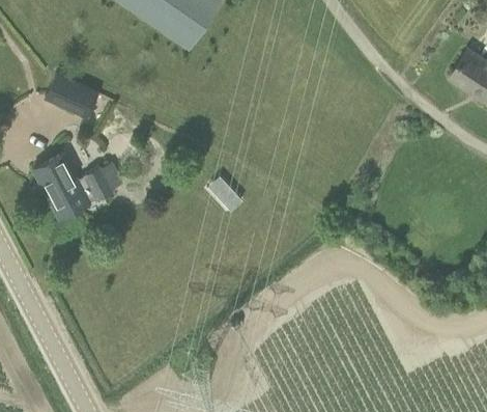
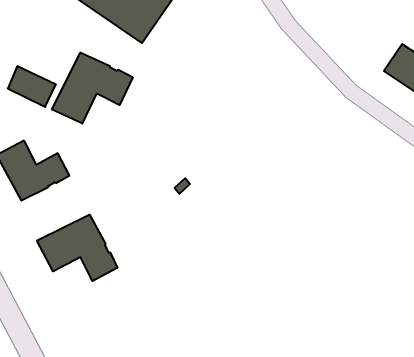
building: none -> [52,53,133,124]
building: none -> [37,215,117,281]

